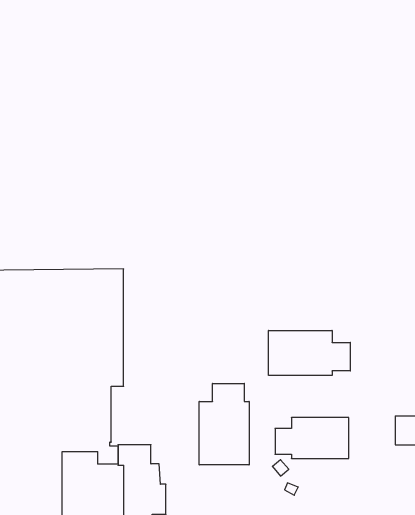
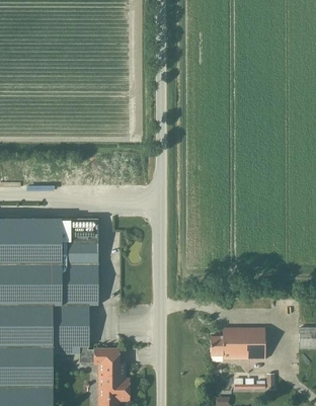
building: [269,330,350,375] -> none
building: [199,383,249,465] -> none

